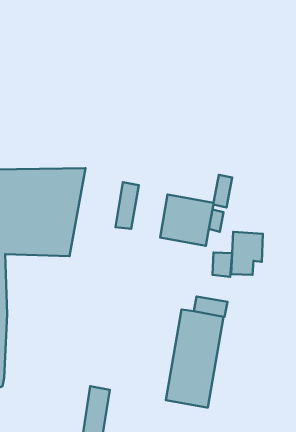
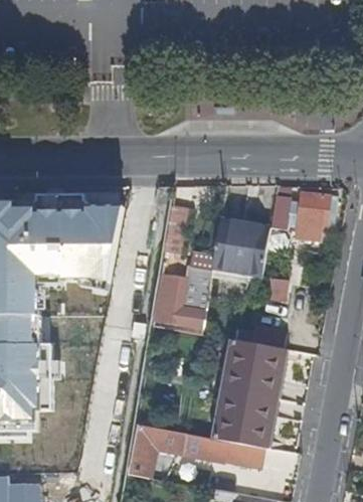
building: [231,232,263,275] -> [294,197,328,243]
building: none -> [148,271,207,335]
building: none -> [162,430,258,468]

